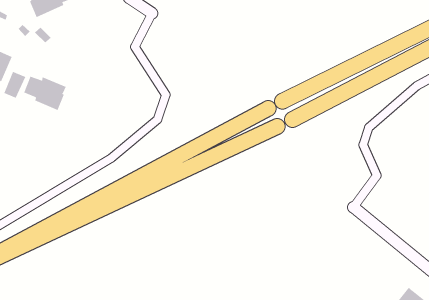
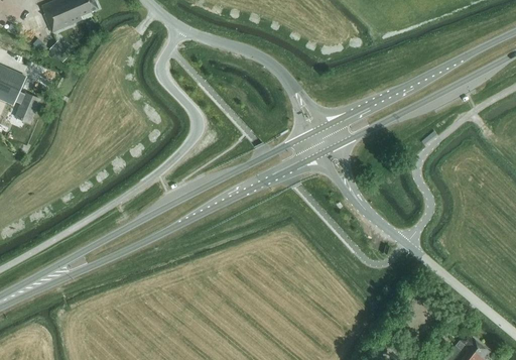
building: [23,76,67,111] -> none

